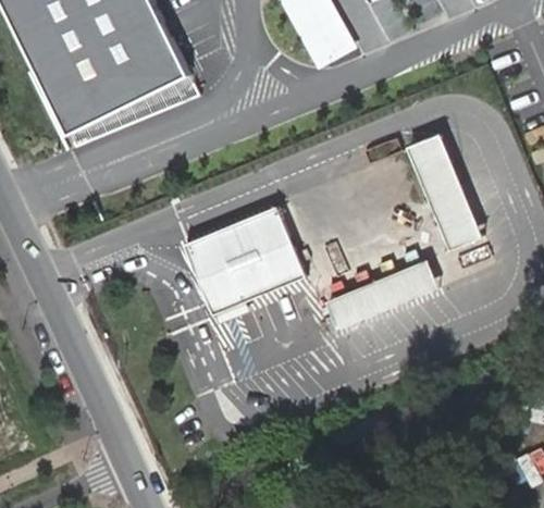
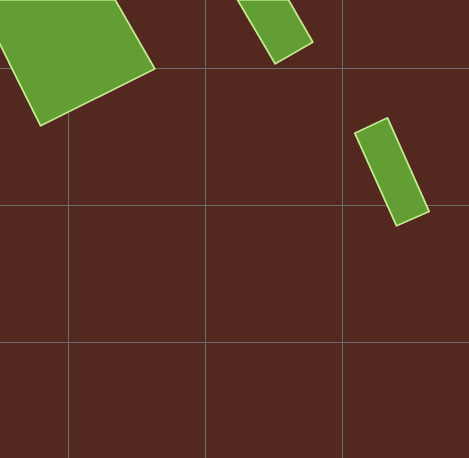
building: [181,206,302,314] -> none
building: [325,253,434,322] -> none

